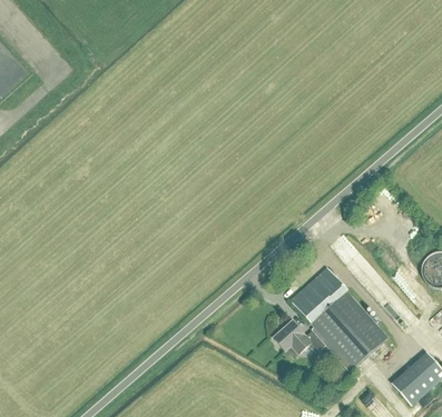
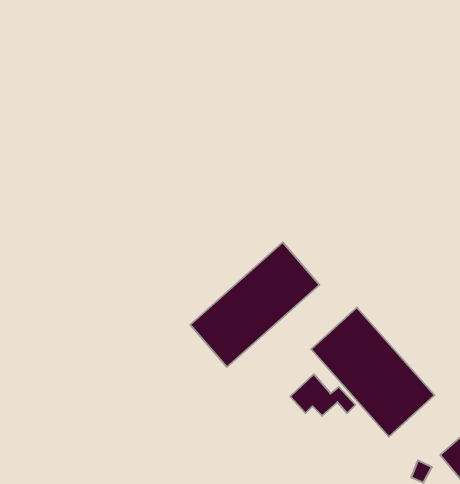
building: none -> [190,242,319,367]

